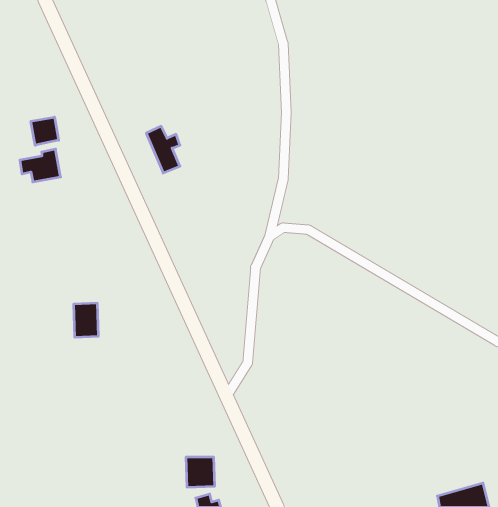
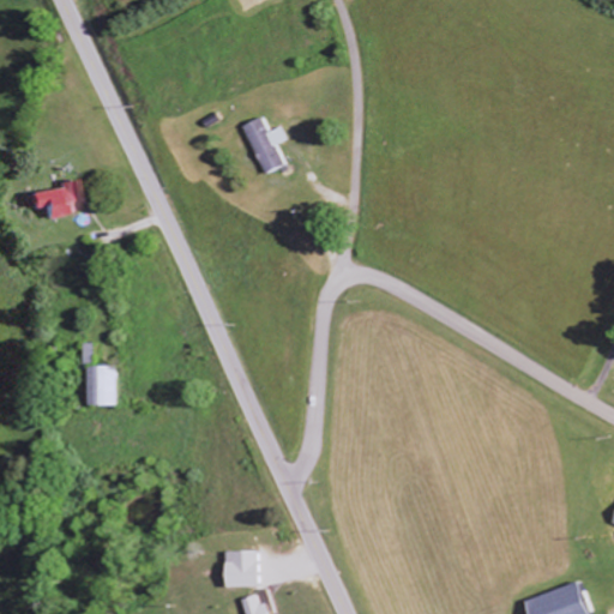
building: [31,117,59,145] -> none
building: [146,126,180,173] -> [241,119,282,175]

